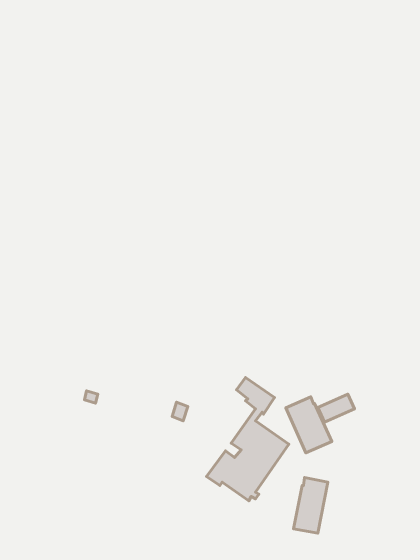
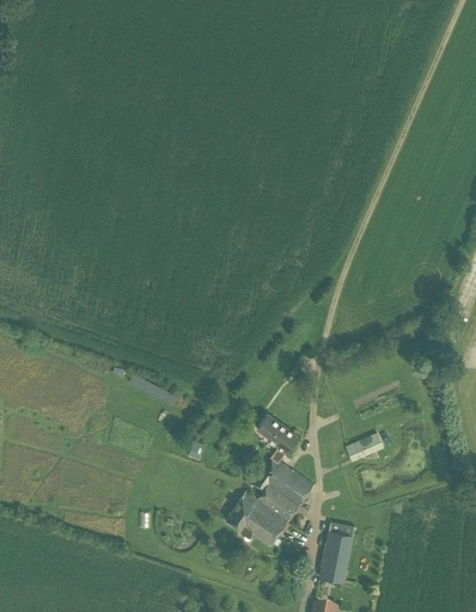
building: [286,397,332,453] -> none

